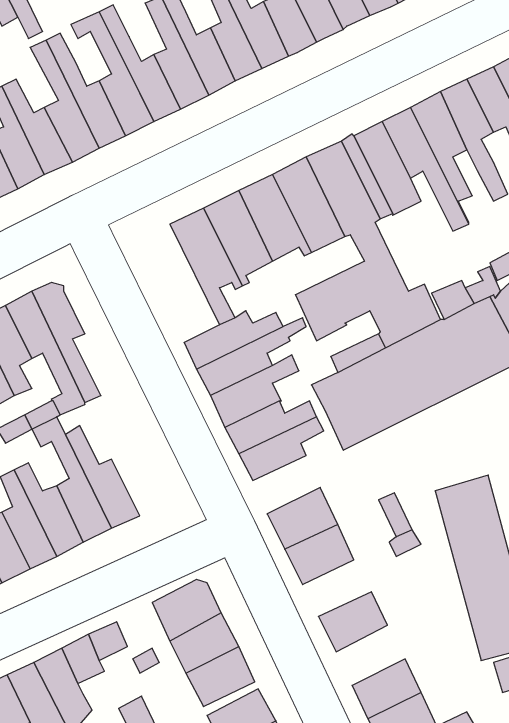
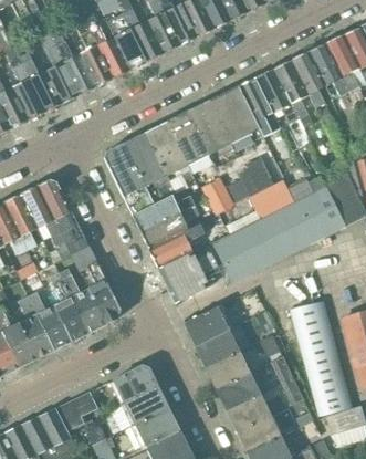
building: none -> [104,142,155,216]
building: none -> [71,246,119,324]
building: none -> [207,352,250,387]
building: none -> [228,393,271,430]

